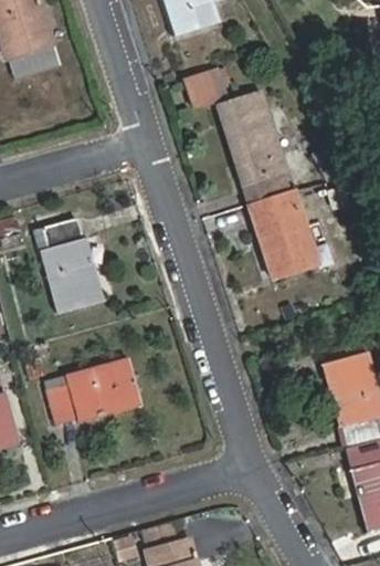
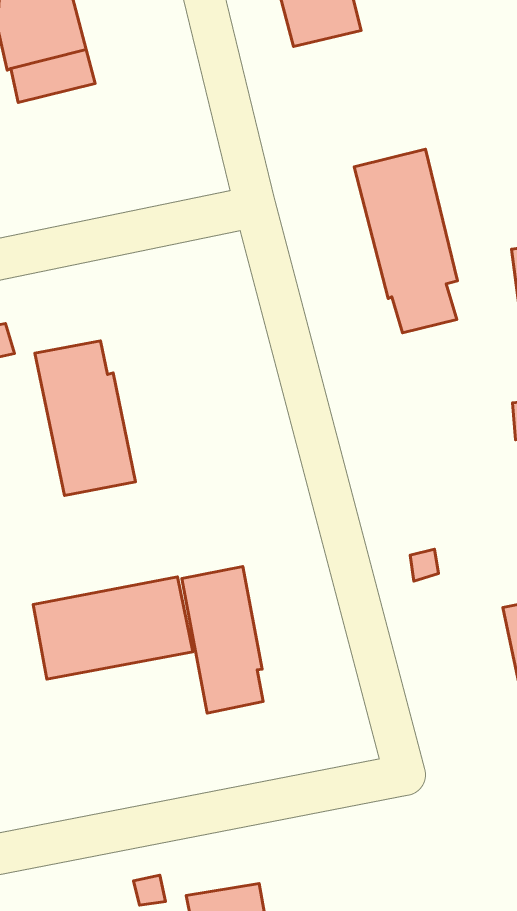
building: [182,67,230,109] -> none
building: [254,193,317,274] -> none
building: none -> [182,566,263,713]

